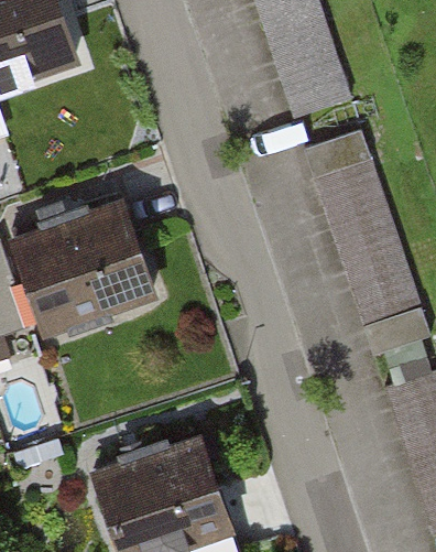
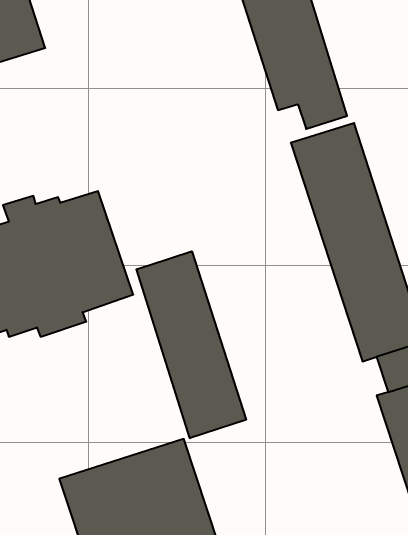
building: none -> [136,251,246,438]

